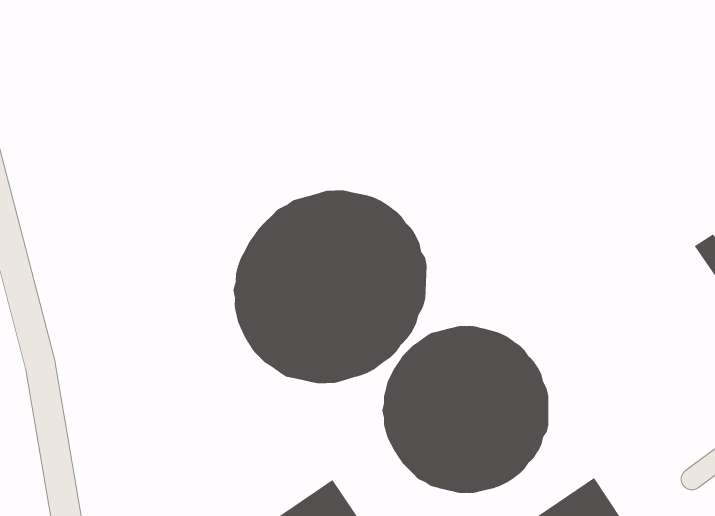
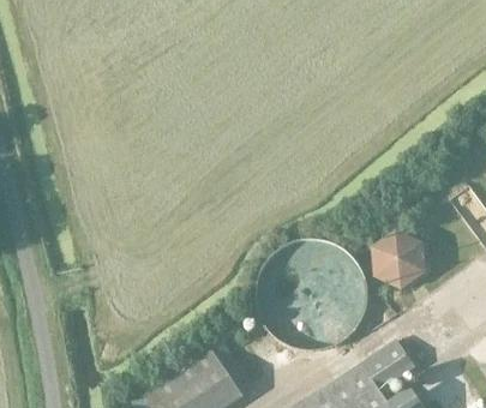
building: [233,190,427,384] -> none
building: none -> [373,234,426,293]

